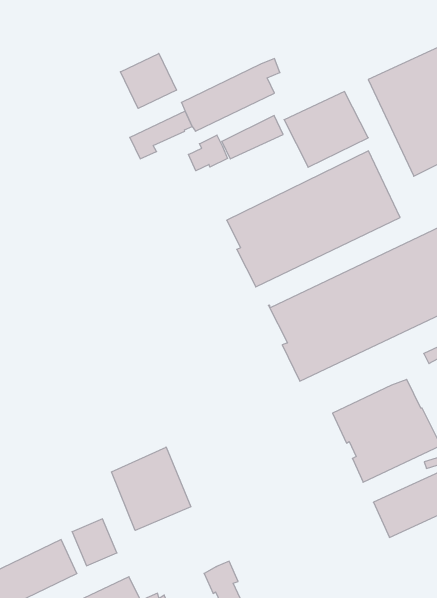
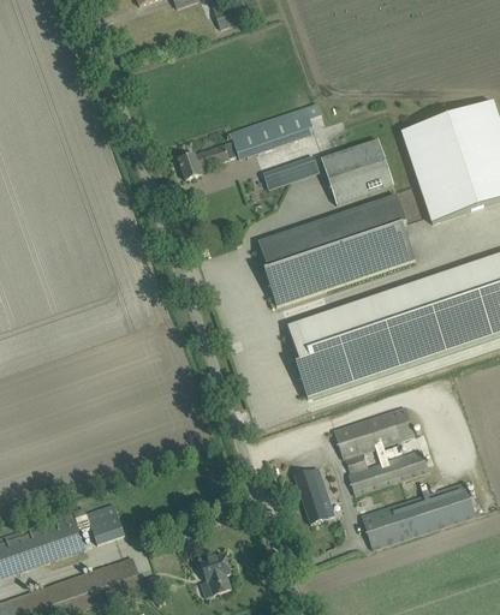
building: [120,53,176,108] -> none
building: [188,135,227,171] -> none
building: [111,447,191,530] -> none
building: none -> [294,466,335,523]

